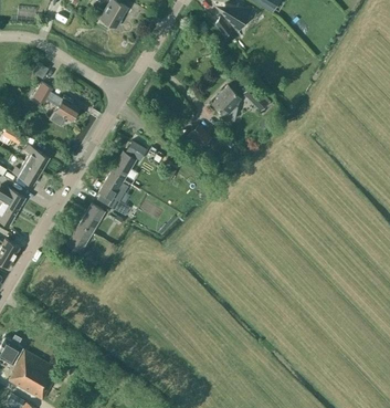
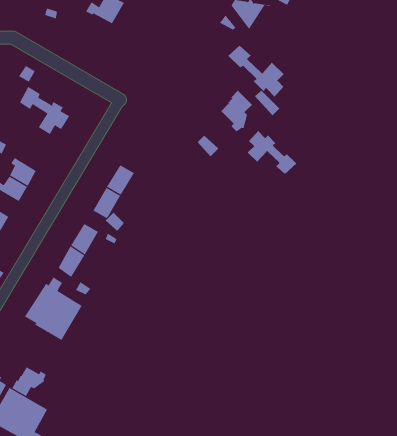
building: none -> [227,45,284,98]
building: none -> [247,130,297,175]
building: none -> [24,277,82,341]
building: none -> [11,366,47,397]

